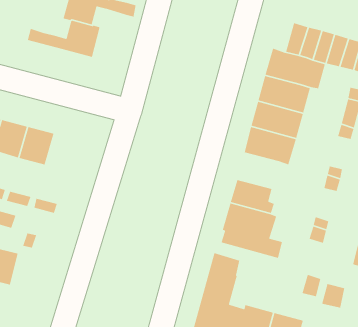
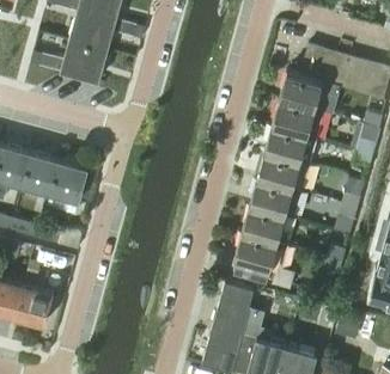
building: none -> [49,160,87,202]
building: none -> [248,180,301,221]
building: none -> [13,284,53,326]

